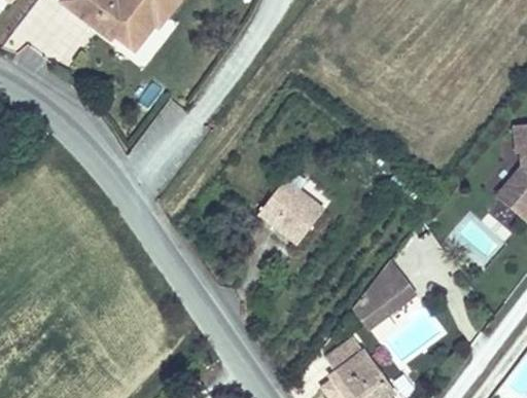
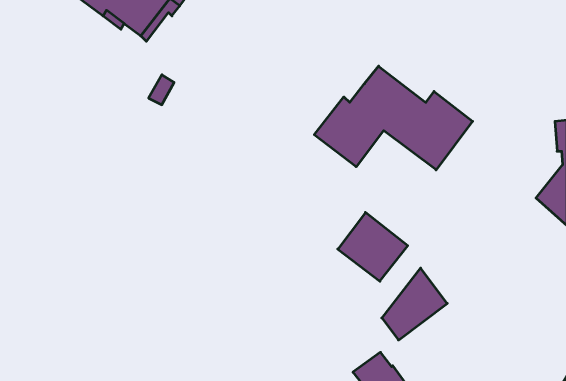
building: none -> [314,66,473,170]
building: [259,179,324,243] -> [338,212,408,281]

